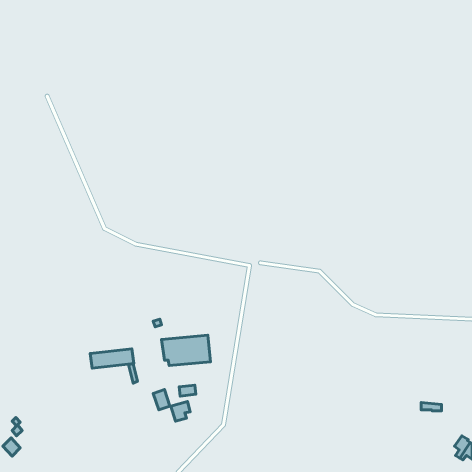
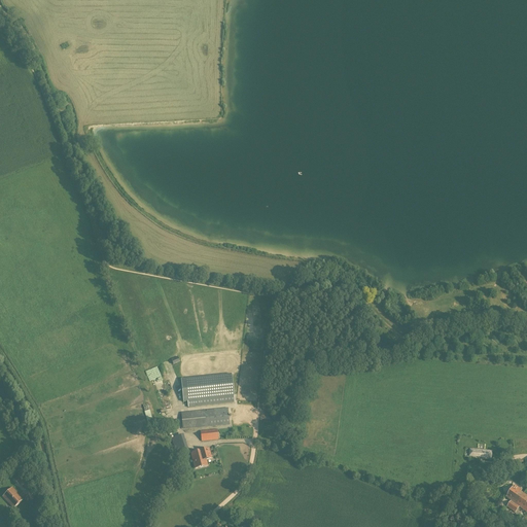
building: [90,349,134,368] -> [181,407,230,428]

